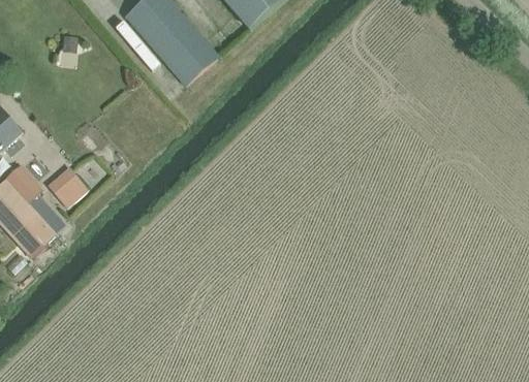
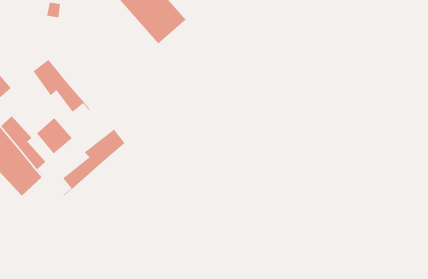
building: none -> [32,59,91,113]
building: none -> [62,128,126,197]

